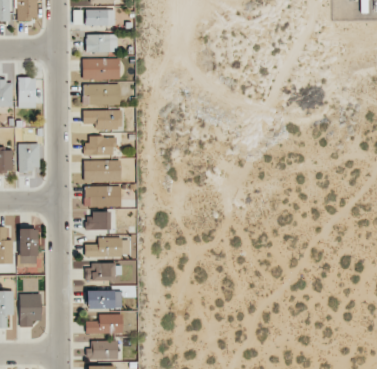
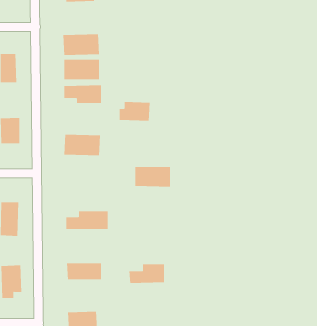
building: [85,34,118,52] -> none
building: [84,136,116,156] -> [119,102,150,121]
building: [84,186,121,207] -> [134,166,171,187]
building: [88,212,110,230] -> none
building: [86,263,116,281] -> none
building: [85,314,122,334] -> [128,264,165,284]

